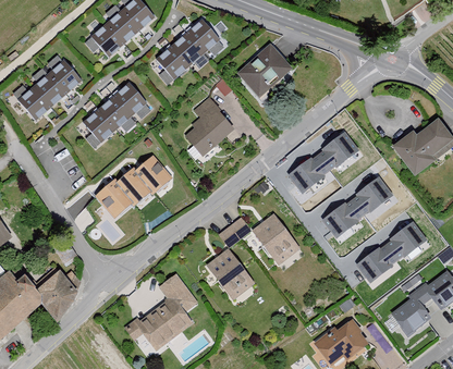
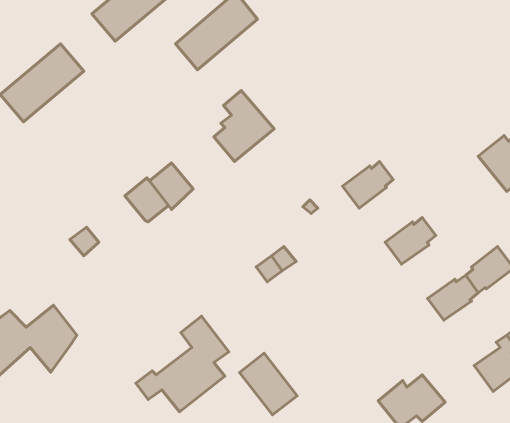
building: [237,45,293,99] -> none
building: [81,82,146,144] -> none
building: [317,132,356,168] -> none
building: [351,176,390,212] -> none
building: [95,179,131,216] -> none
building: [253,217,299,267] -> none
building: [207,253,253,302] -> [240,353,297,415]

